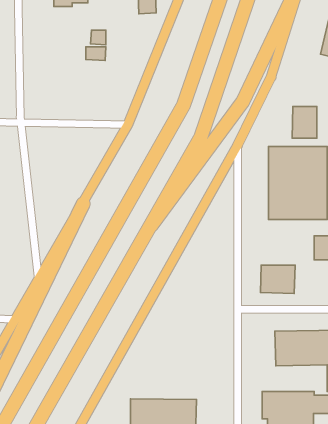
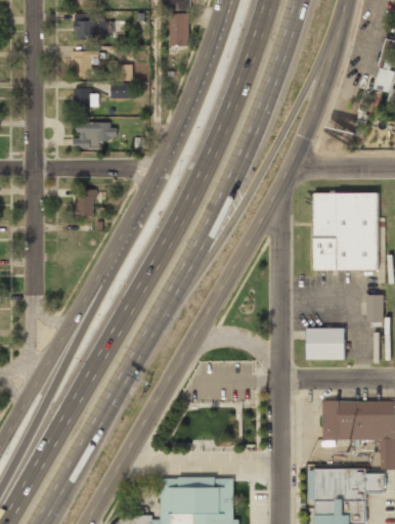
building: none -> [71,50,98,76]
building: none -> [73,88,98,112]
building: none -> [73,123,116,147]
building: [292,106,317,138] -> none
building: none -> [73,189,94,215]

